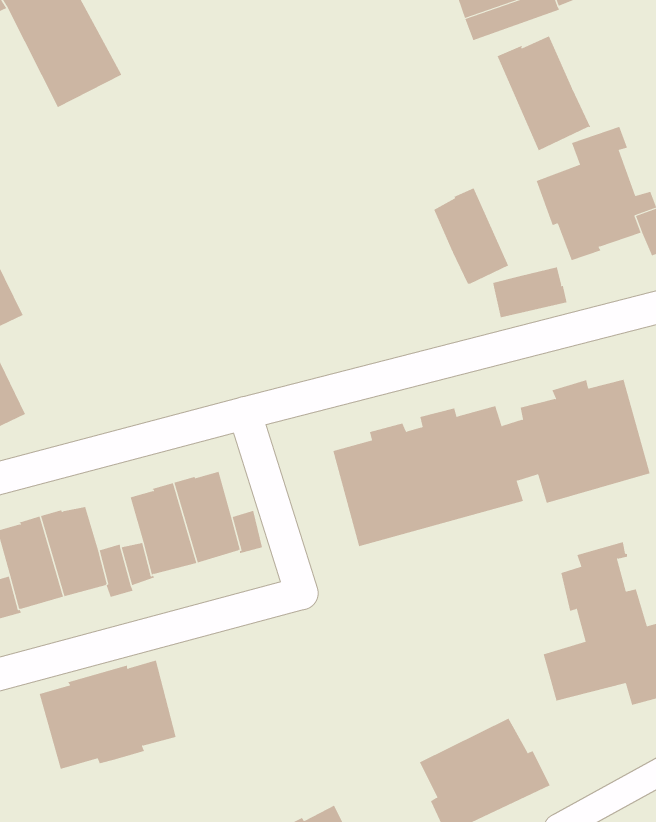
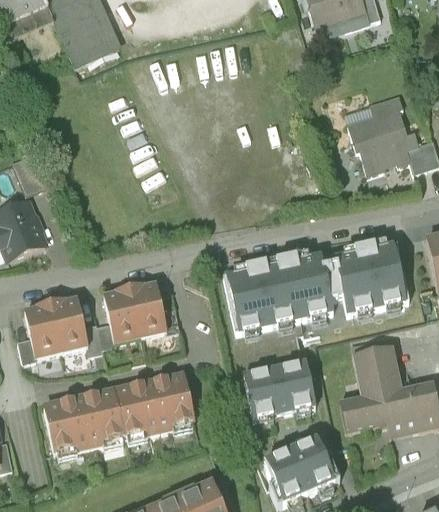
building: [497,35,591,151] -> none
building: [433,187,509,285] -> none
building: [492,267,567,318] -> none
building: none -> [243,360,314,418]
building: none -> [113,376,194,437]

